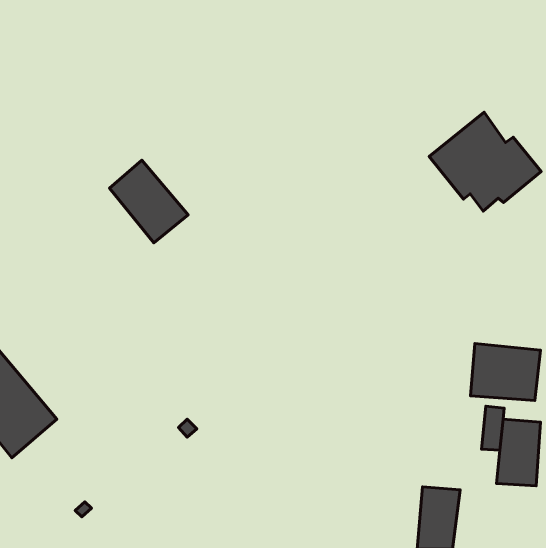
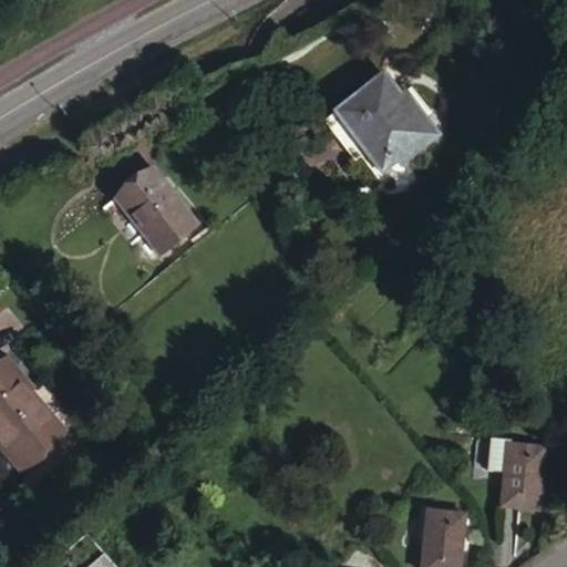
building: [429,112,541,211] -> [324,73,440,175]
building: [470,344,540,400] -> none

